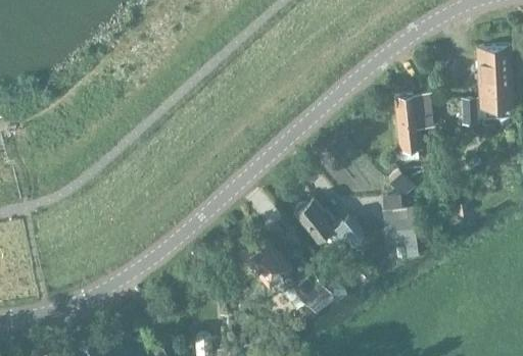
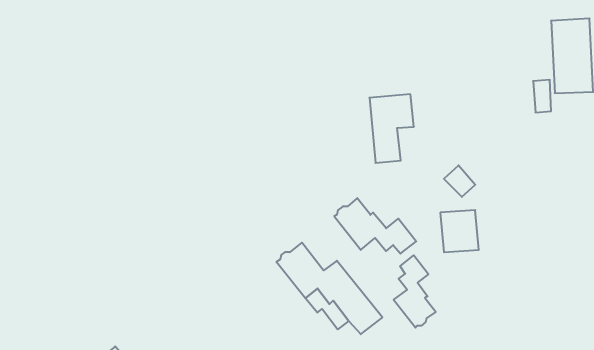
building: [395,97,433,155] -> [369,94,414,163]
building: none -> [394,255,436,328]

